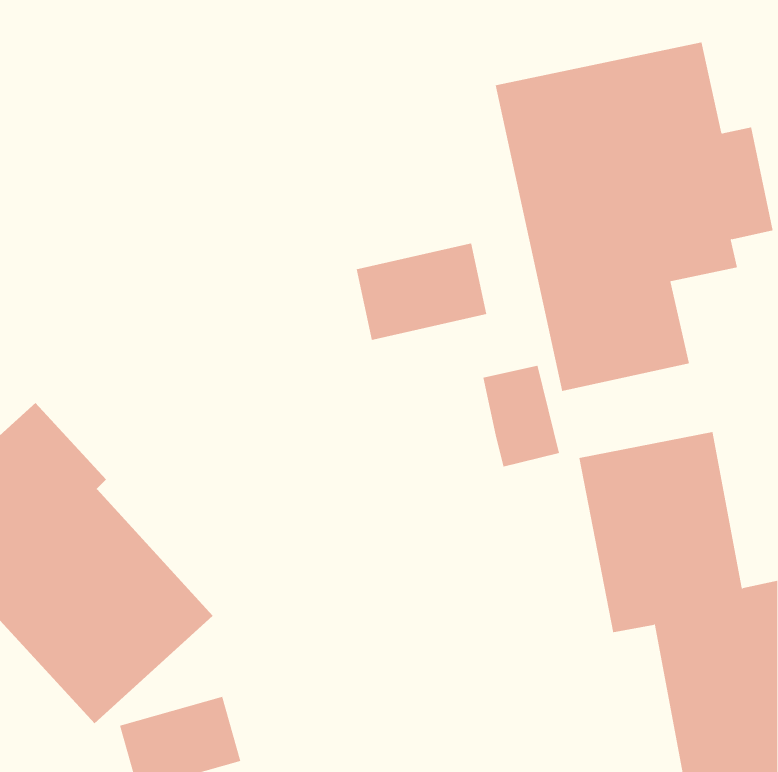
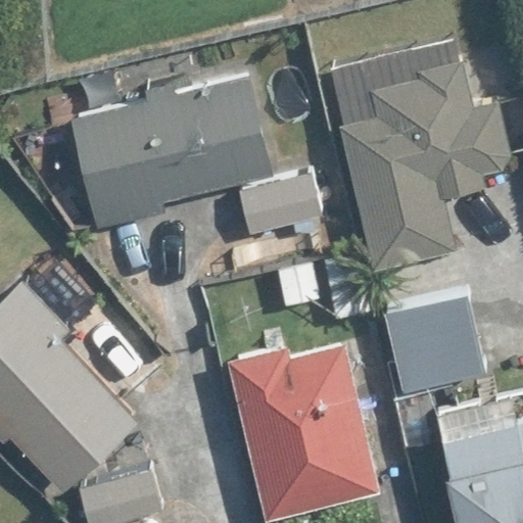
building: none -> [72,73,276,231]
building: none -> [231,342,378,512]

